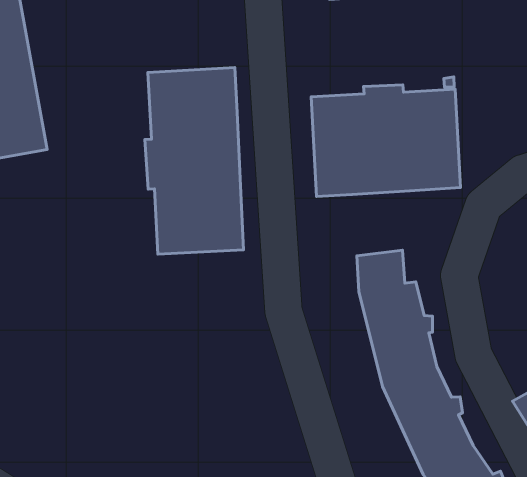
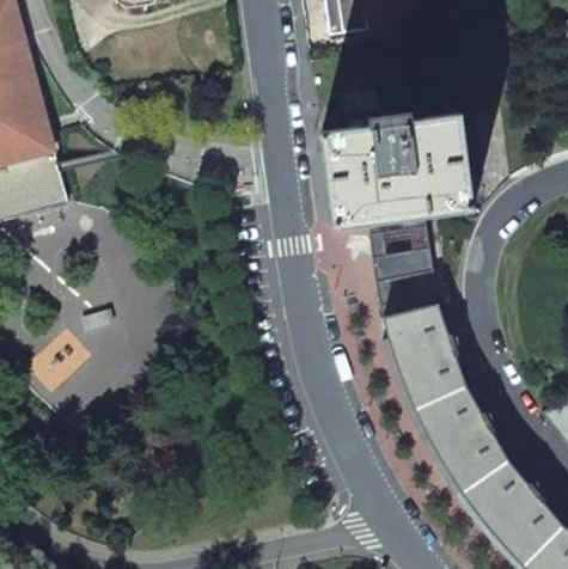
building: [145,68,244,254] -> none
building: none -> [368,214,438,305]

